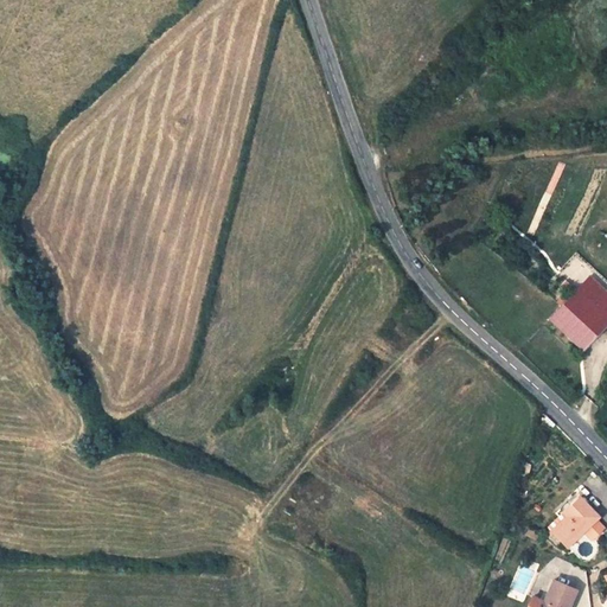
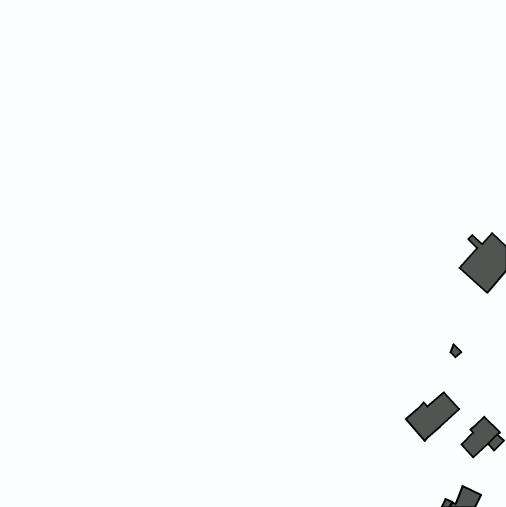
building: none -> [406,392,459,441]

